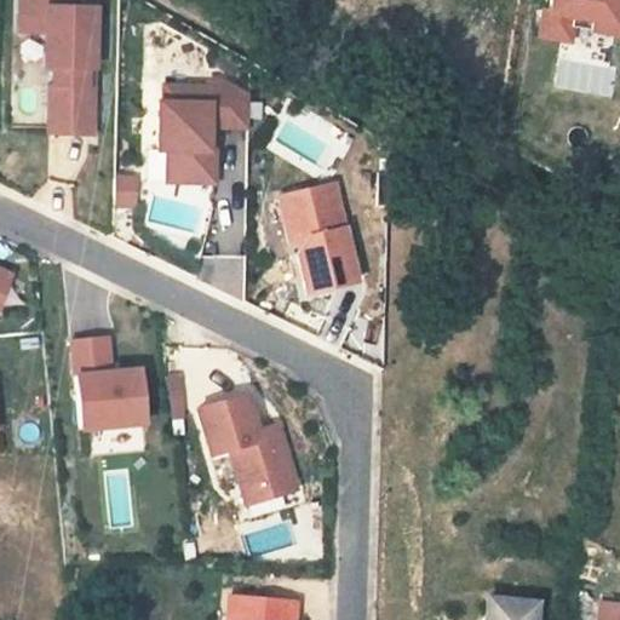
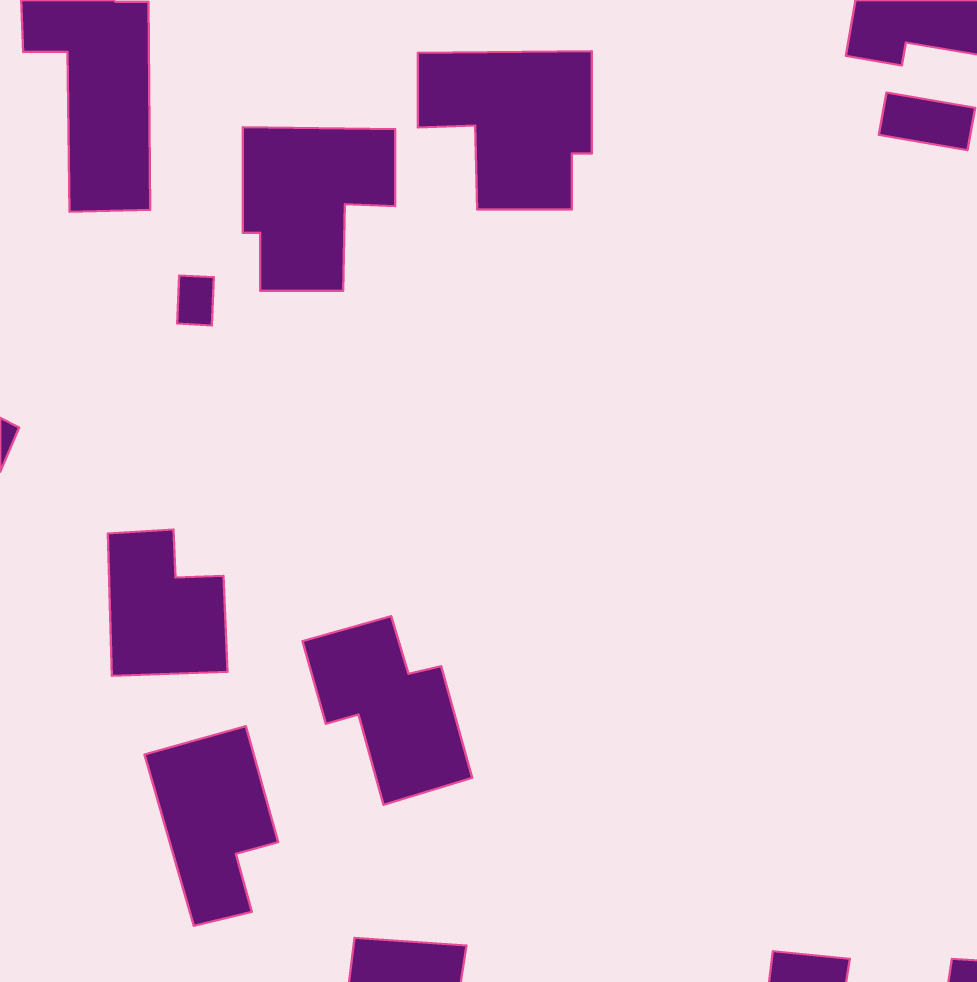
building: none -> [418,51,592,209]
building: [280,178,362,294] -> none
building: none -> [144,726,278,926]

